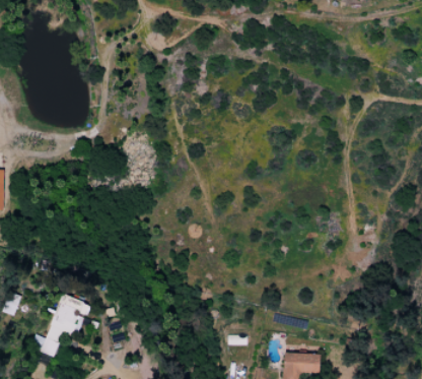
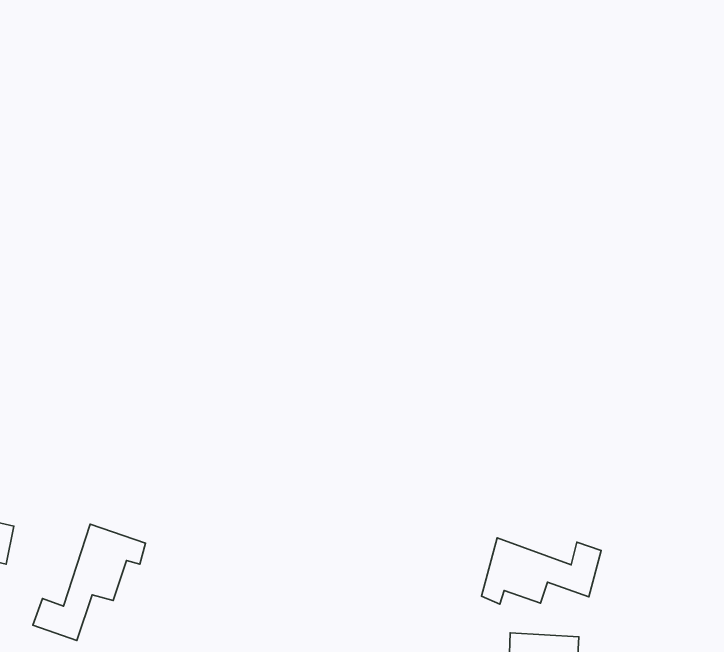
building: none -> [482,538,601,604]

